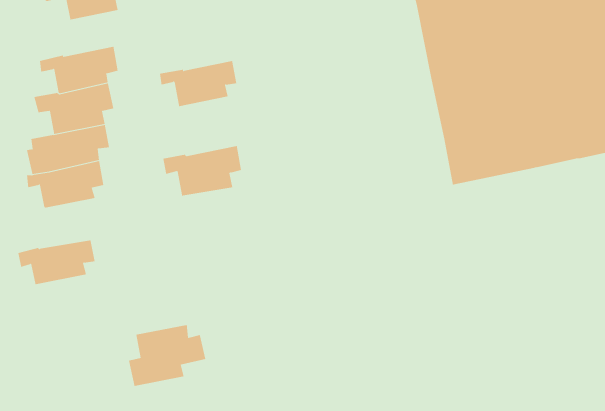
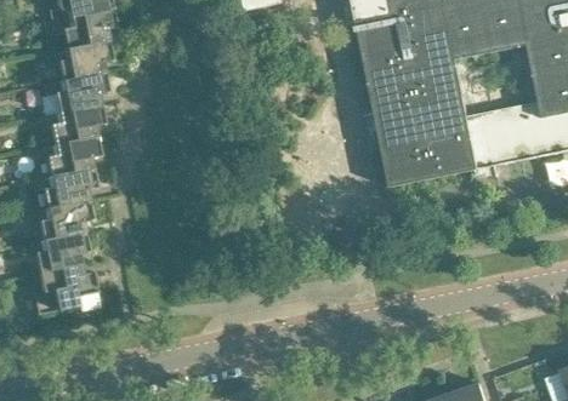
building: [159,60,237,107] -> [46,41,112,80]
building: [162,146,242,196] -> [25,199,92,241]
building: [128,324,206,387] -> [32,263,97,315]

